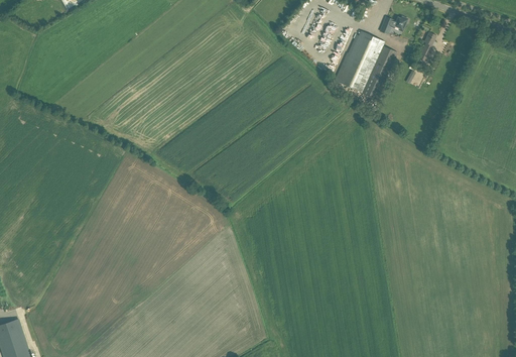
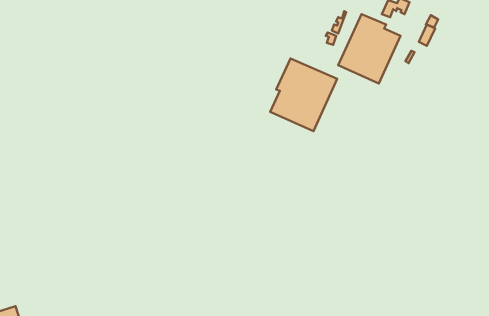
building: none -> [270,58,337,131]

